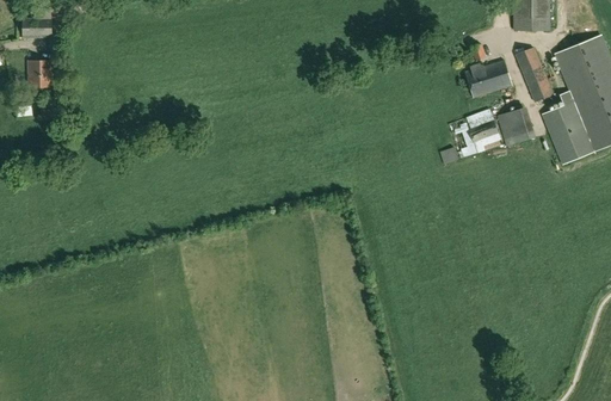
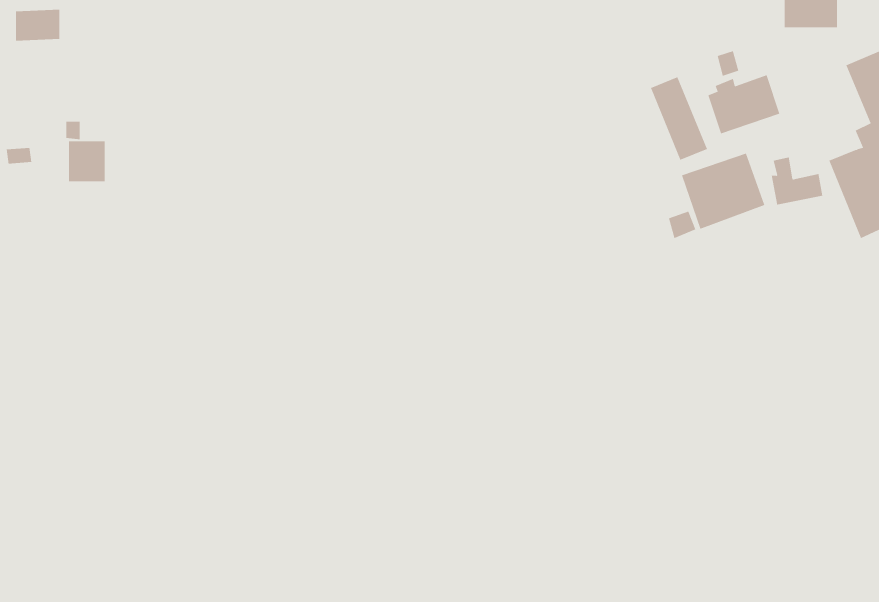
building: [516,48,553,101] -> [650,76,708,160]
building: [29,61,53,87] -> [68,141,105,182]

